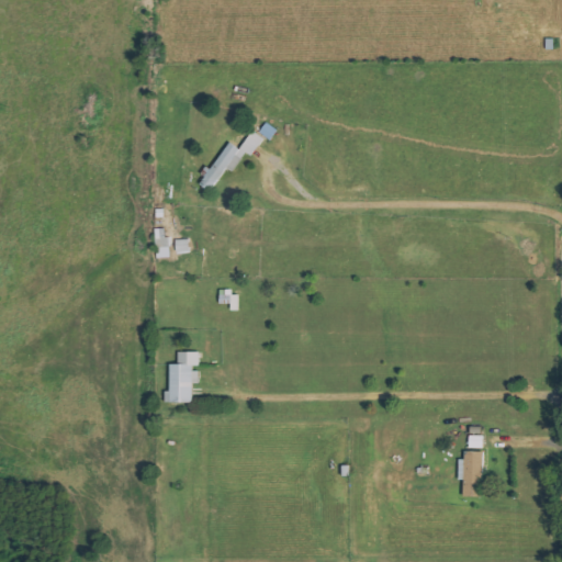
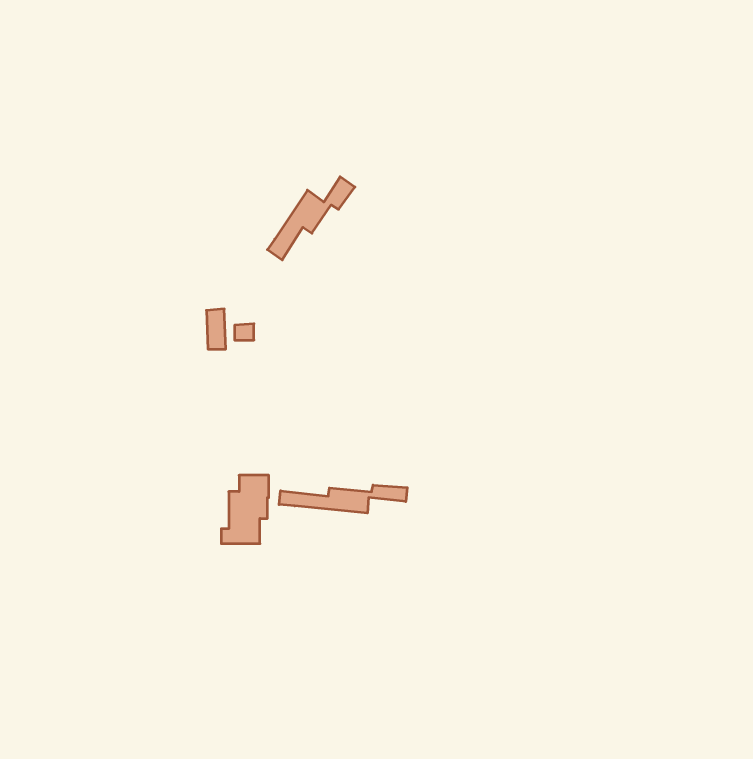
building: none -> [279,485,407,513]
building: [458,451,483,496] -> none

